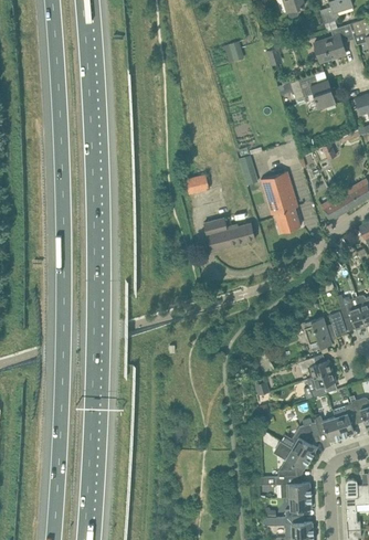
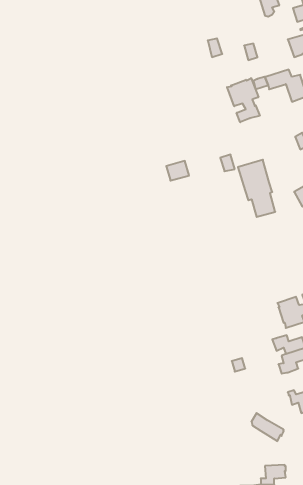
building: none -> [227,78,260,122]
building: [203,216,255,251] -> none
building: [292,422,320,458] -> none
building: [275,477,312,498] -> none

